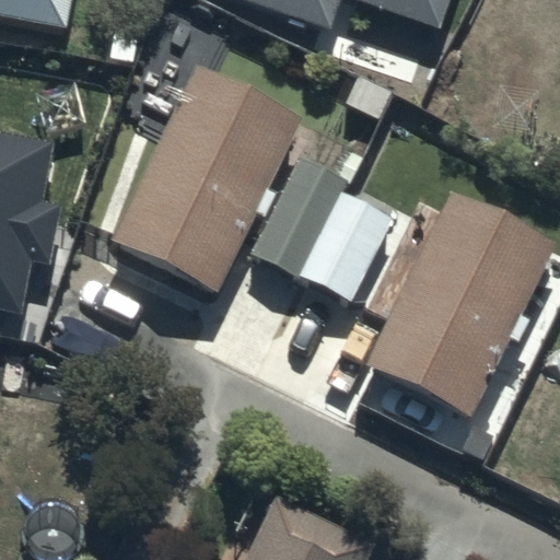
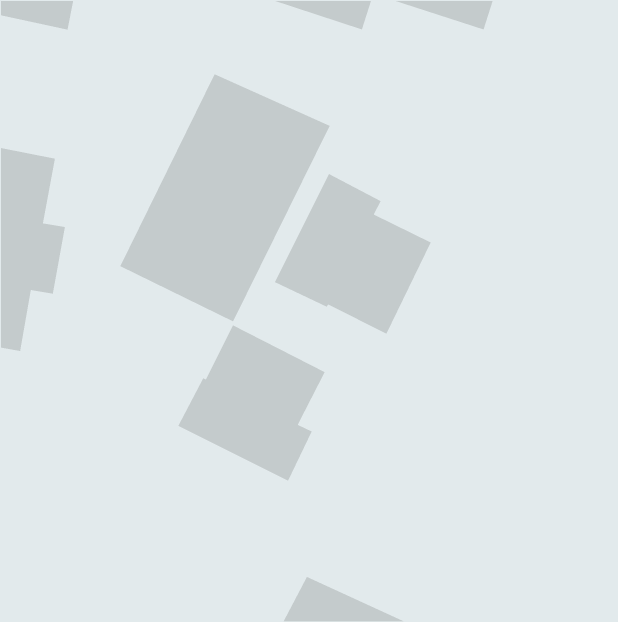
building: [366,191,555,416] -> none
building: none -> [177,324,326,482]

